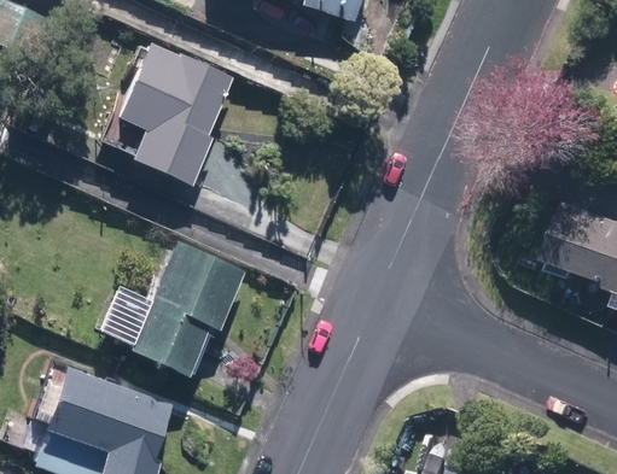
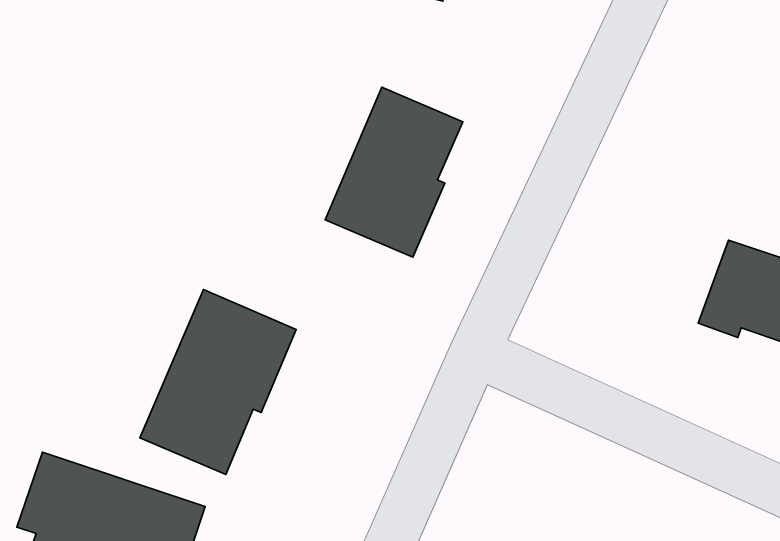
building: [116,42,231,189] -> none
building: none -> [325,87,463,257]

